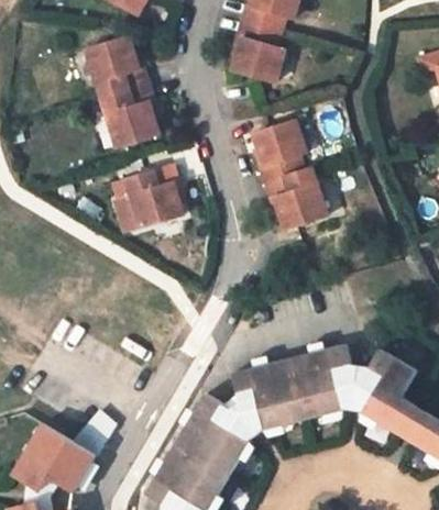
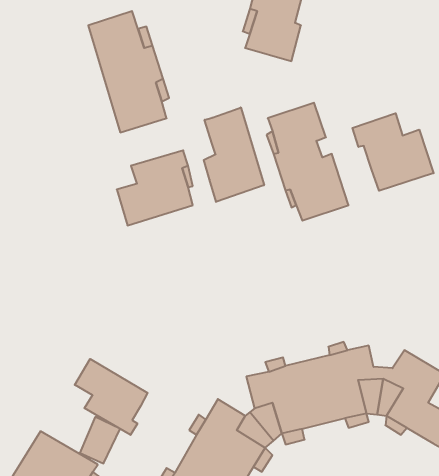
building: none -> [204,107,264,202]
building: none -> [352,113,434,191]
building: none -> [75,359,148,435]

